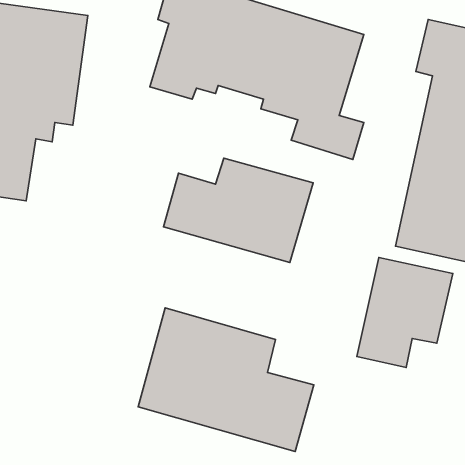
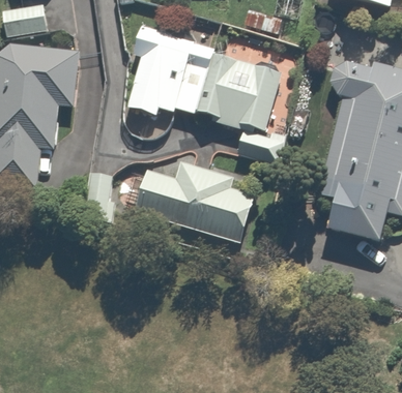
building: [357,258,453,368] -> none
building: [138,308,314,451] -> none

